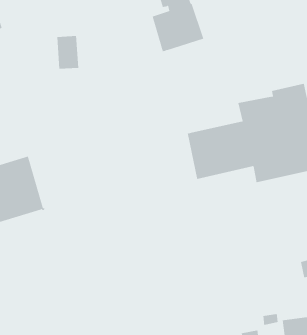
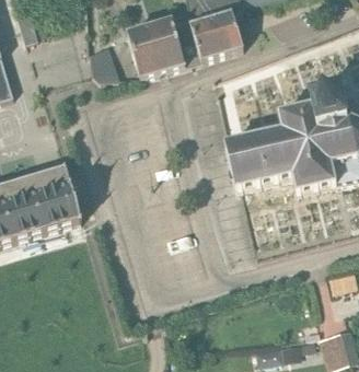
building: none -> [127,19,200,78]

